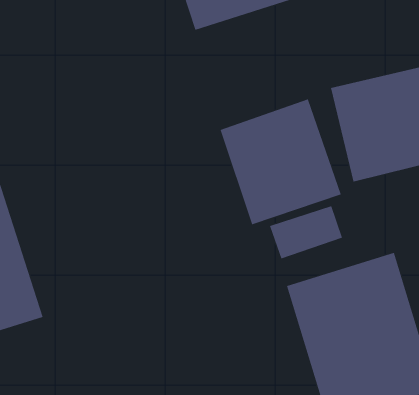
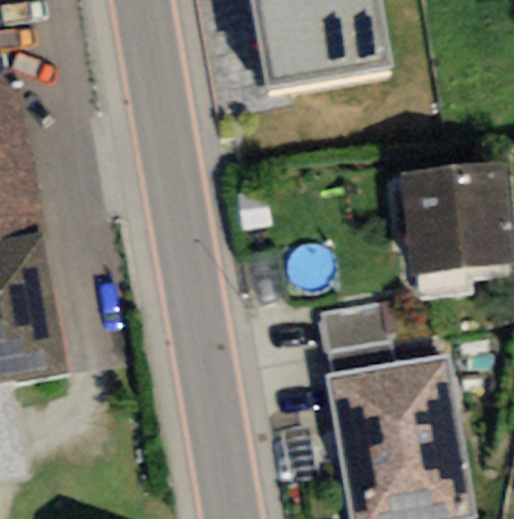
building: [220,98,341,225] -> none

